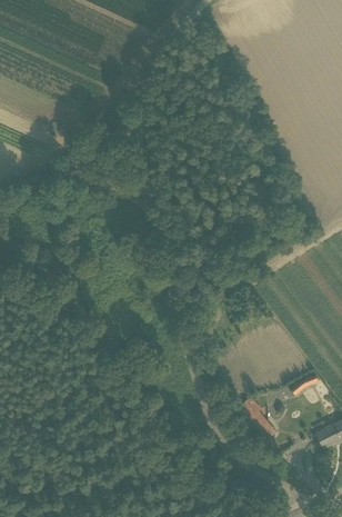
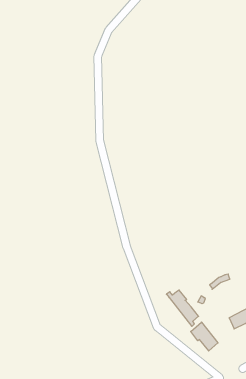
building: none -> [191,322,218,351]

